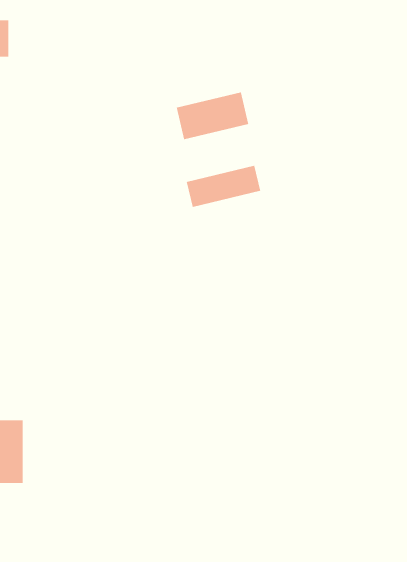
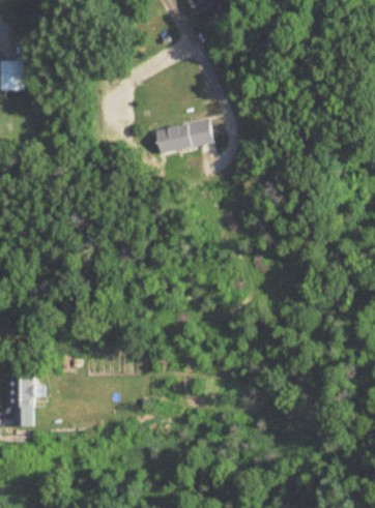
building: [186,165,261,208] -> none

